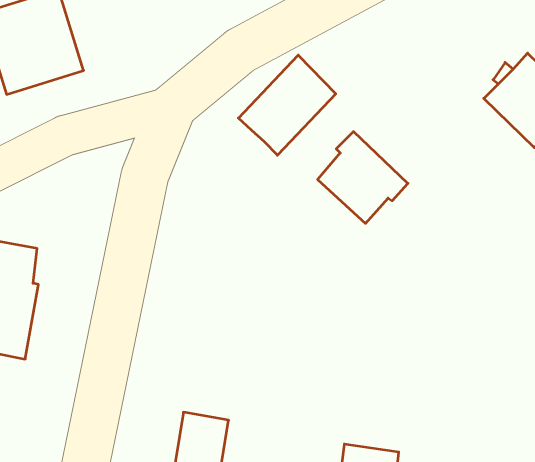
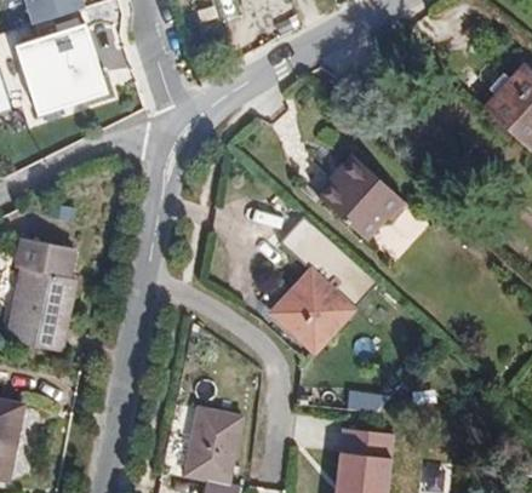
building: [238,55,336,155] -> none
building: none -> [269,251,370,349]

